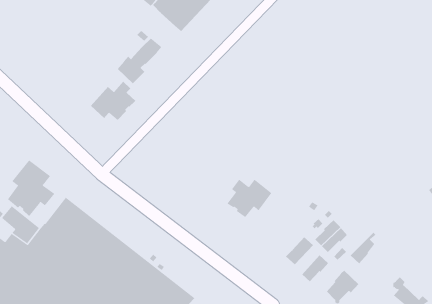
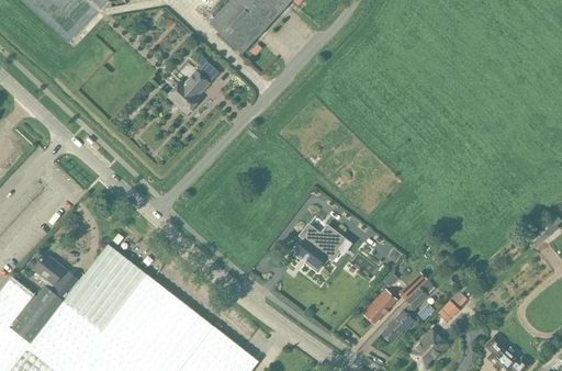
building: [90,81,136,121] -> none
building: [7,160,55,217] -> none

